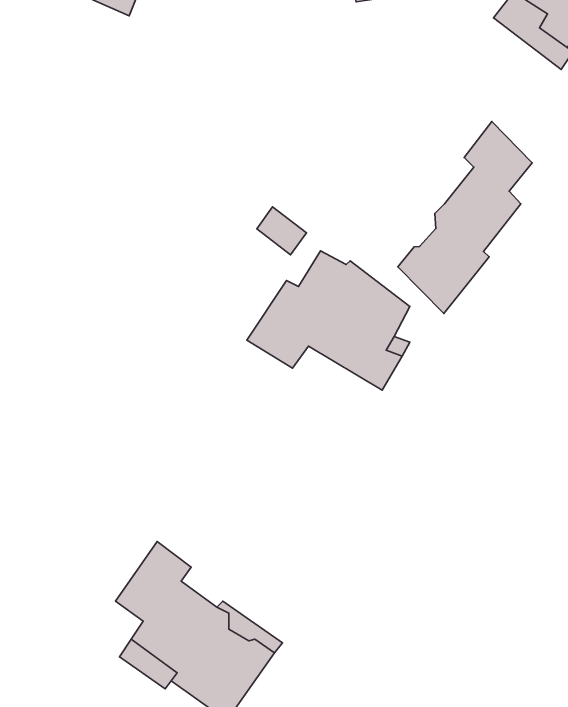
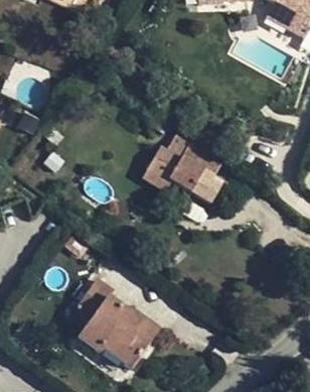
building: [398,122,532,313] -> none

